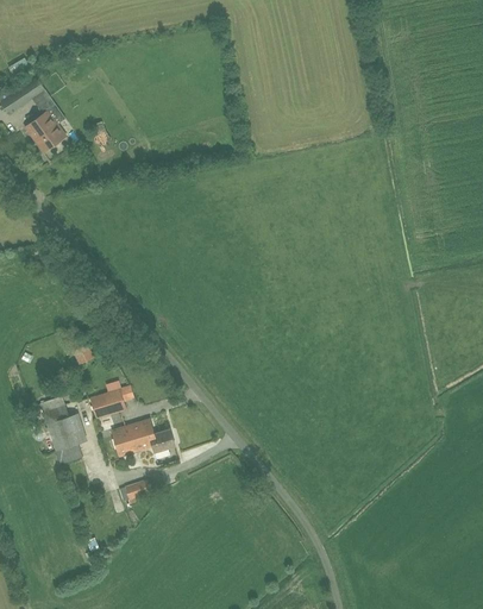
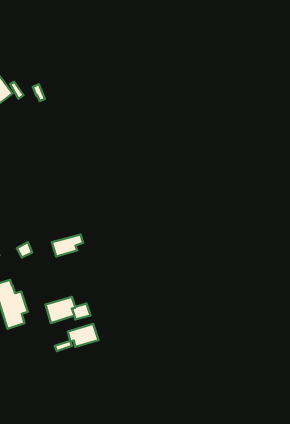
building: [89,387,133,417] -> [52,234,83,257]
building: none -> [68,324,98,347]

